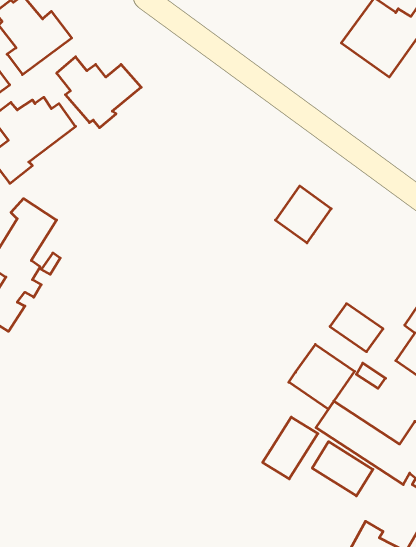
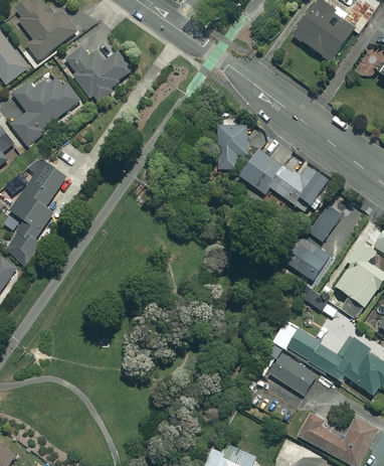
building: none -> [217,125,247,169]
building: none -> [269,163,328,211]
building: none -> [308,203,342,241]
building: [289,344,355,409] -> none
building: [263,417,318,479] -> none

